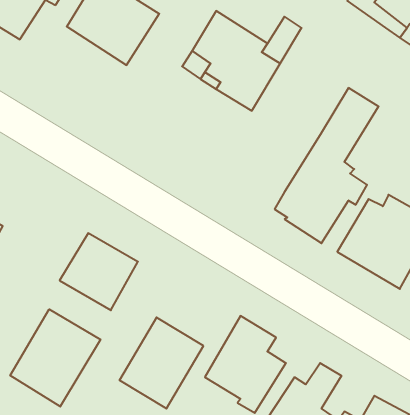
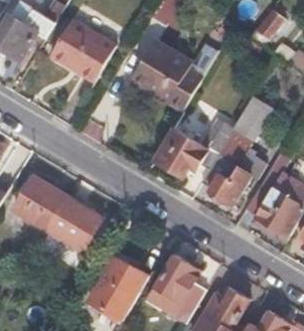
building: none -> [153,117,231,176]
building: none -> [14,178,66,230]
building: [10,309,100,407] -> none

